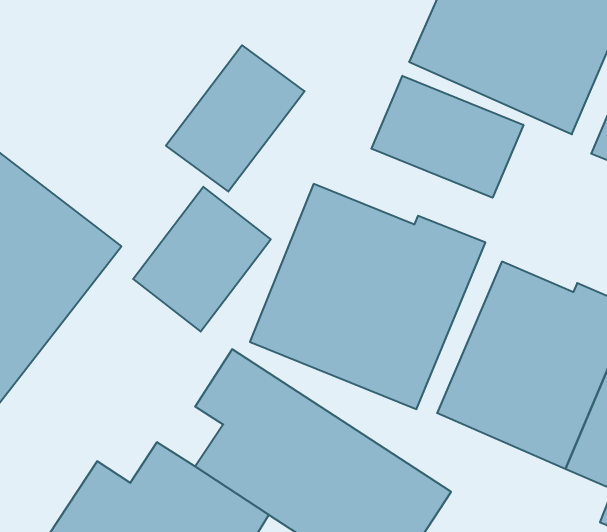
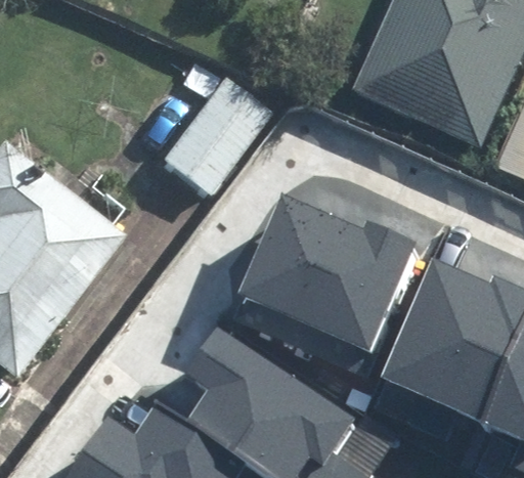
building: [371,76,523,198] -> none
building: [133,187,271,332] -> none

